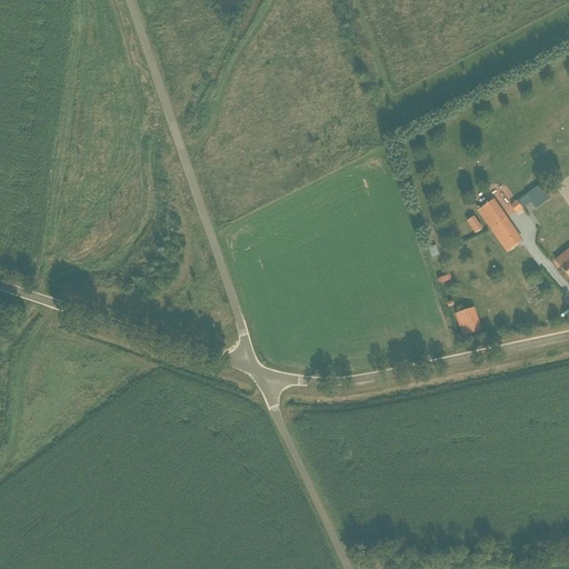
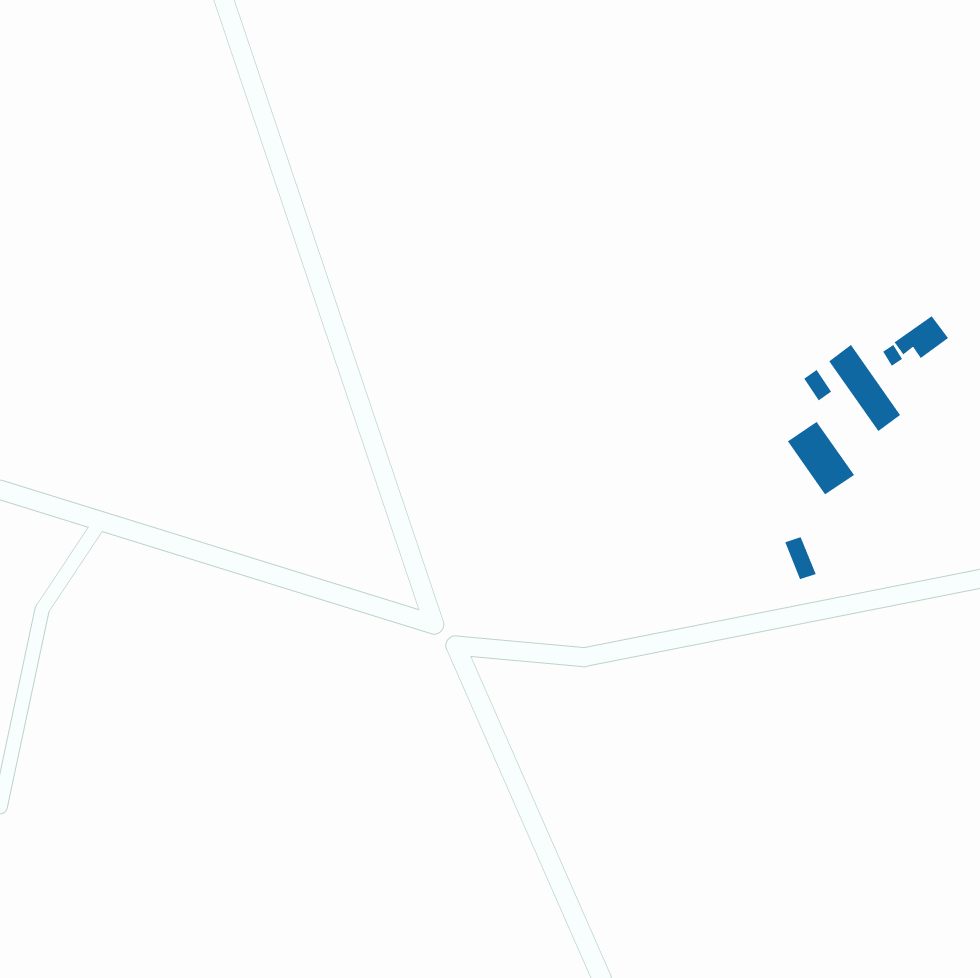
building: none -> [787,421,855,496]

